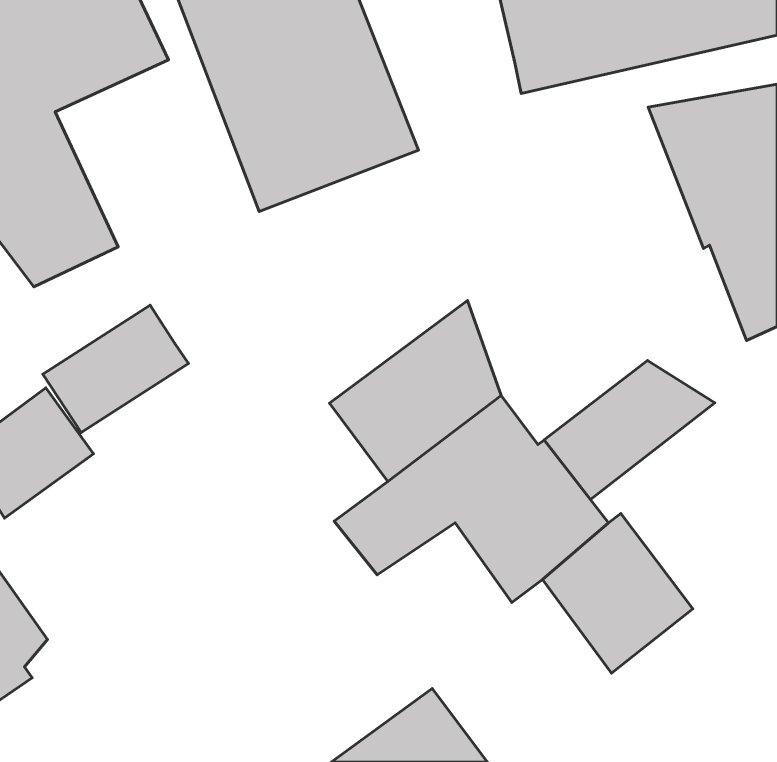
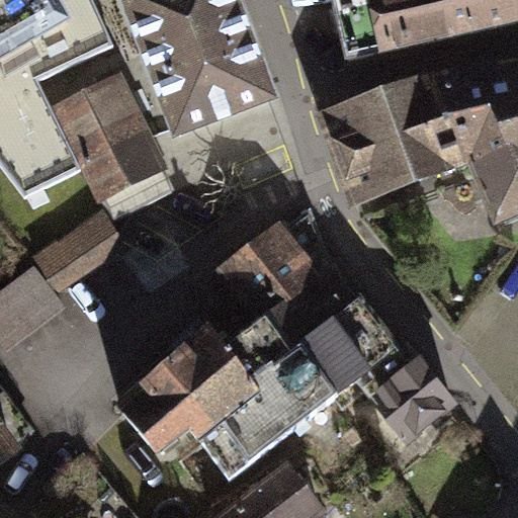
building: none -> [50,65,171,210]
building: none -> [314,71,464,206]
building: [544,361,715,500] -> none
building: none -> [113,327,338,482]

